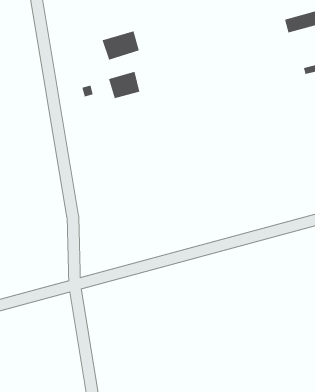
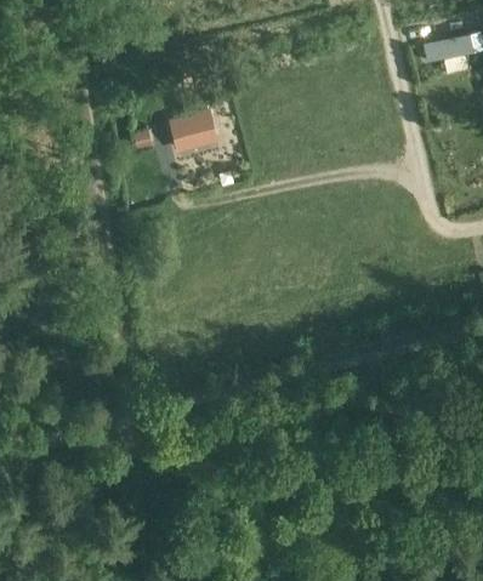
building: [102,31,139,60] -> none

